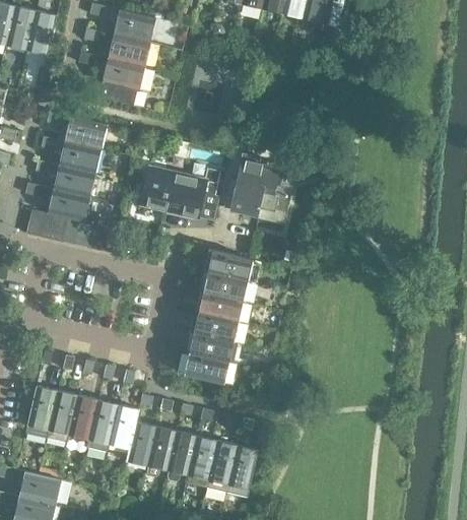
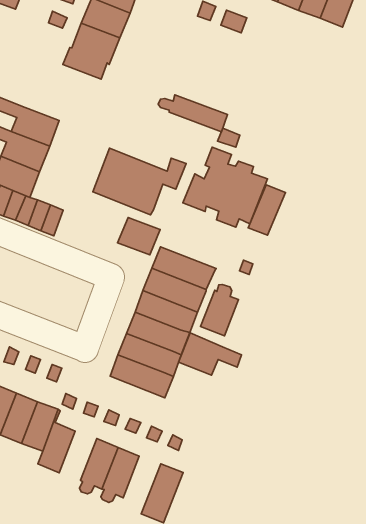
building: none -> [158,95,227,132]
building: [46,111,106,148] -> none
building: none -> [248,185,285,235]
building: none -> [118,218,160,255]
building: none -> [200,285,239,336]
building: none -> [178,333,242,375]
building: [145,426,175,476] -> none
building: [204,440,236,492] -> none

